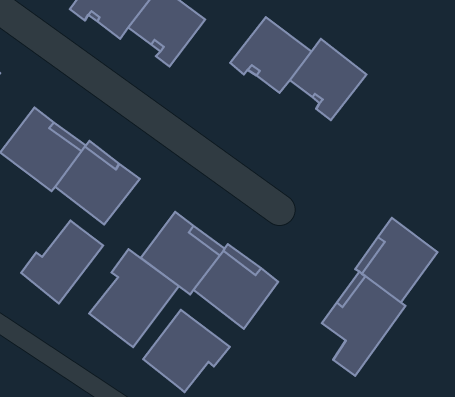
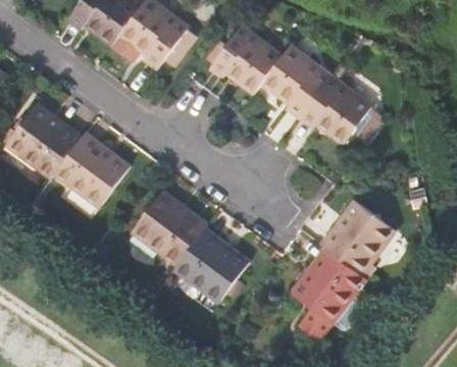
building: none -> [298,74,370,143]
building: [21,220,103,304] -> none
building: [89,249,179,347] -> none
building: [143,310,230,392] -> none

